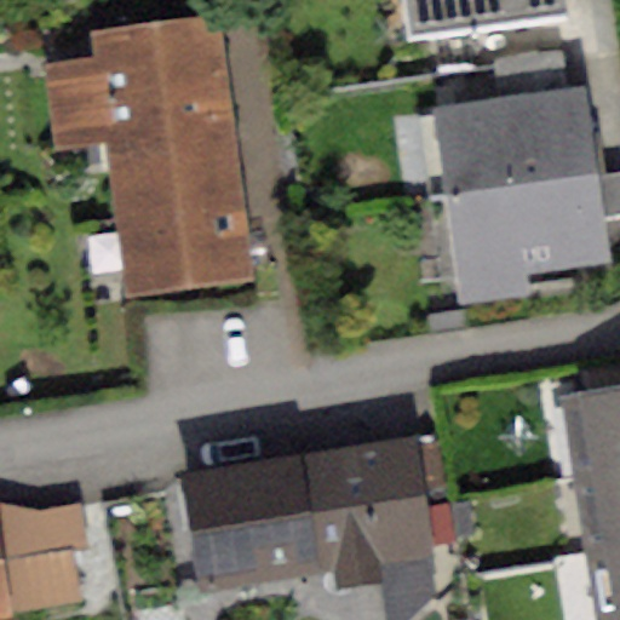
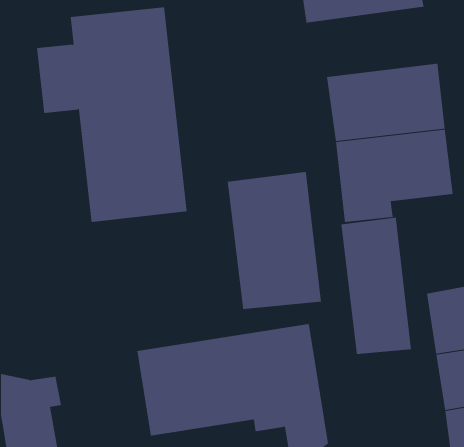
building: none -> [227,171,321,310]
building: none -> [341,217,412,355]

